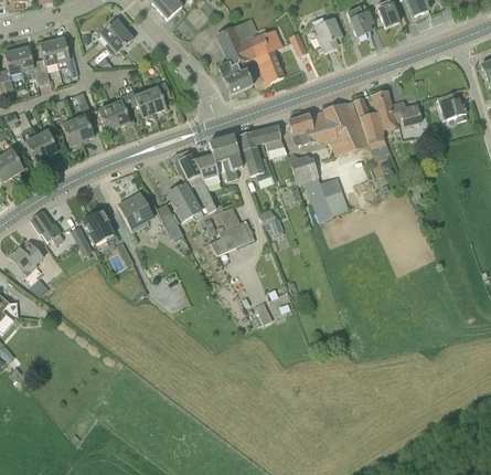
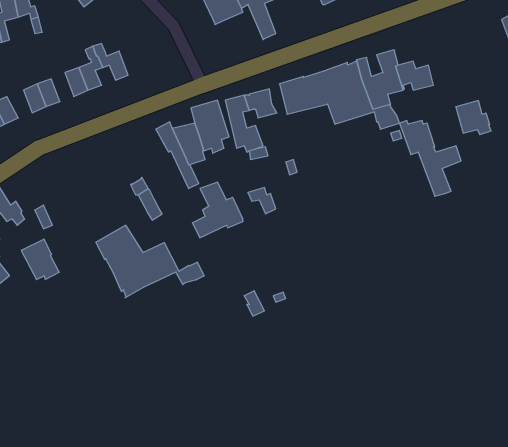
building: [217,63,252,95] -> none
building: [146,81,171,113] -> none
building: [436,92,467,122] -> [456,101,491,135]
building: [287,155,341,221] -> [399,121,461,196]
building: [168,183,201,221] -> none
building: [117,192,151,232] -> none
building: [82,209,115,244] -> [21,239,59,280]
building: none -> [96,225,204,298]

